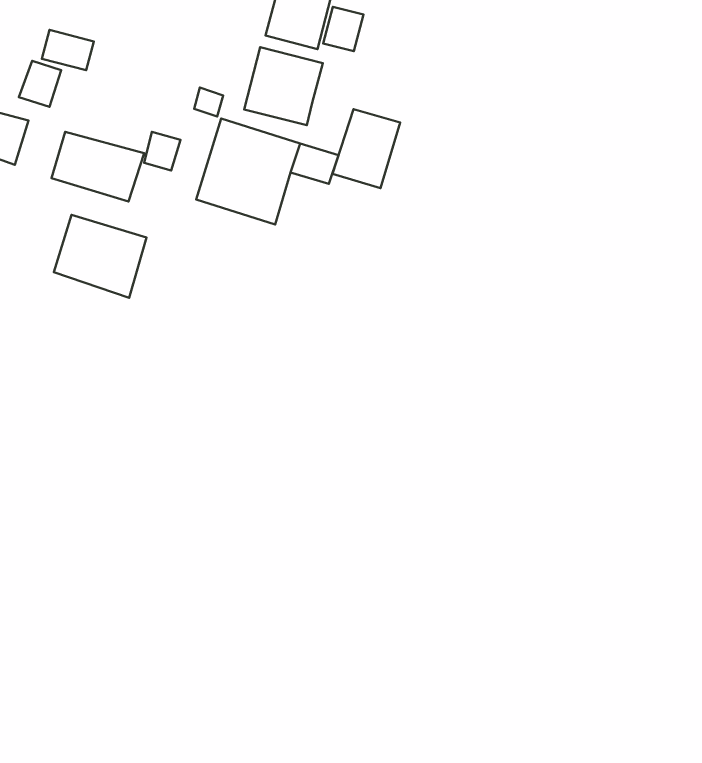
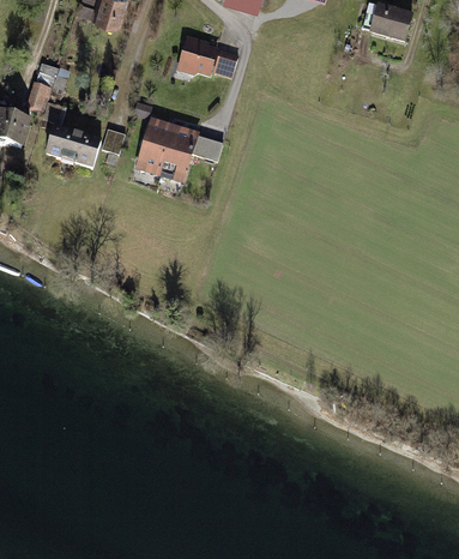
building: [244,47,323,125] -> none
building: [332,109,400,188] -> none
building: [54,215,147,298] -> none

